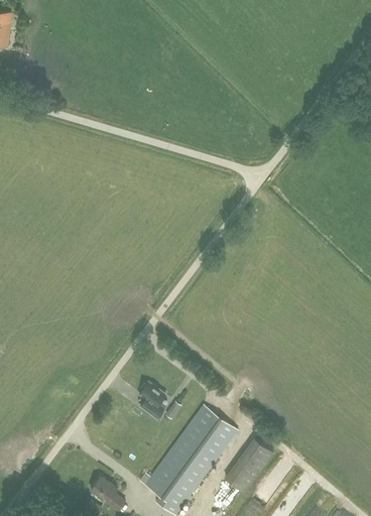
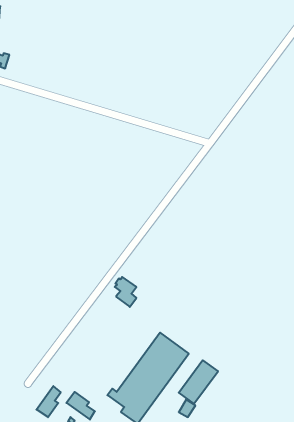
building: [139,382,165,418] -> [115,277,136,307]
building: none -> [36,386,61,417]

